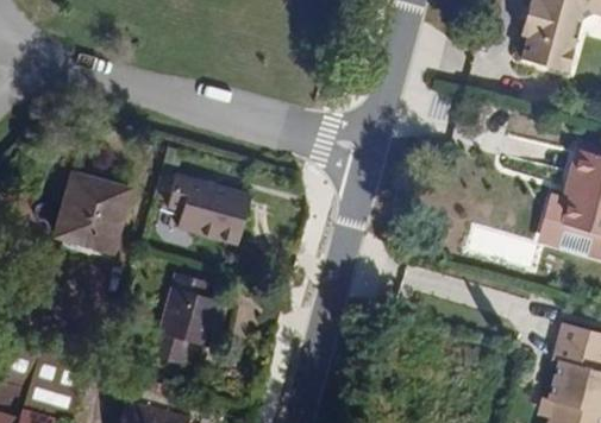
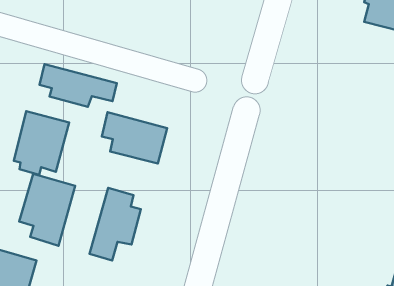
building: none -> [40,64,117,107]
building: none -> [19,174,75,246]

